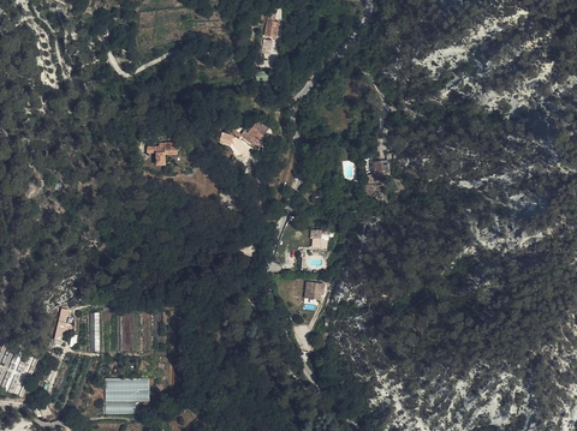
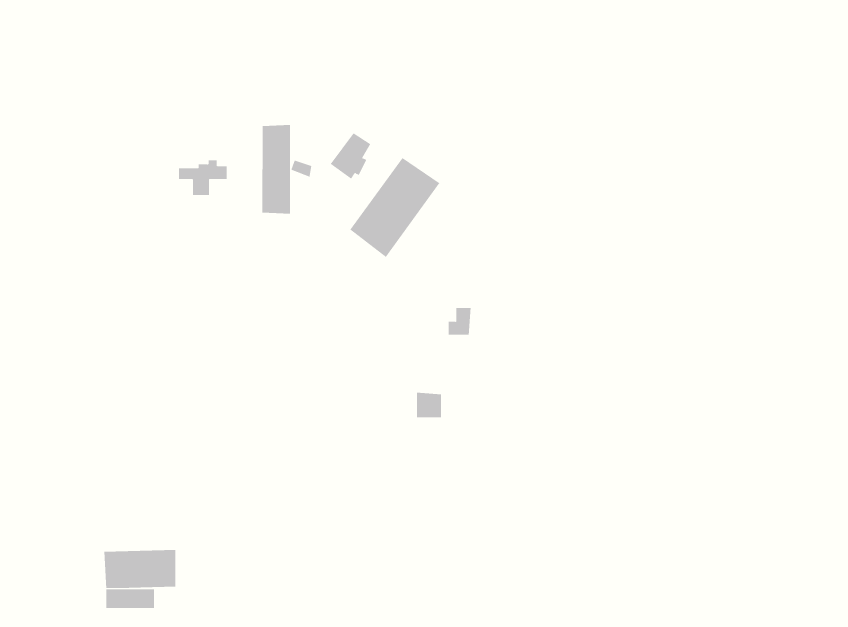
building: none -> [262,124,290,215]
building: none -> [350,157,440,258]

